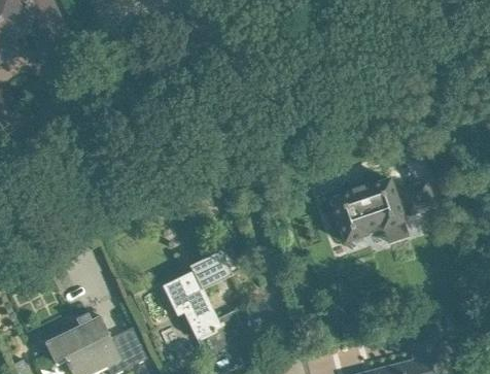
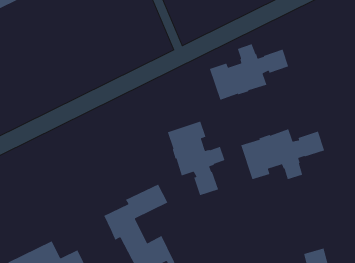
building: none -> [209,43,289,101]
building: none -> [167,120,226,196]

